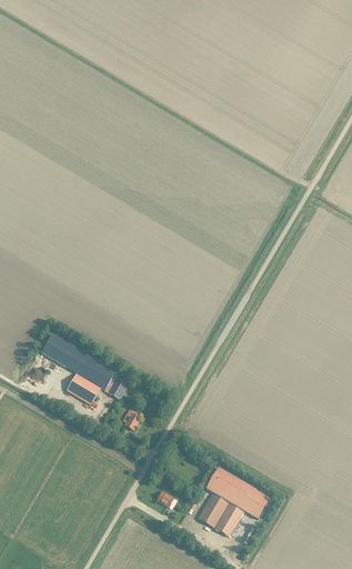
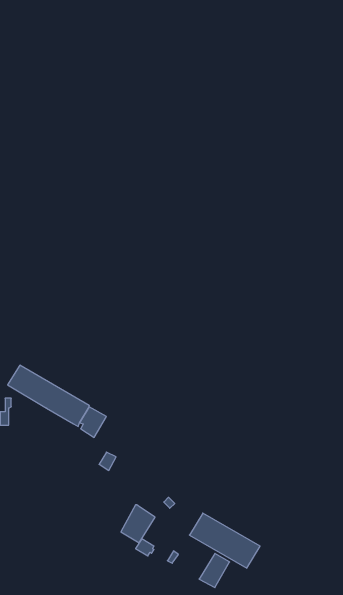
building: [66,372,100,403] -> none
building: [198,493,229,528] -> [121,505,155,543]

